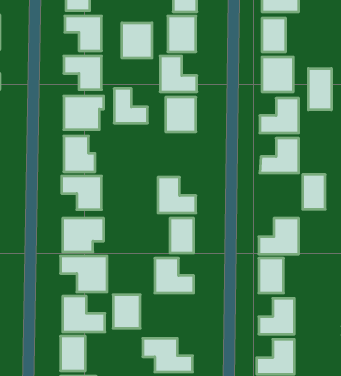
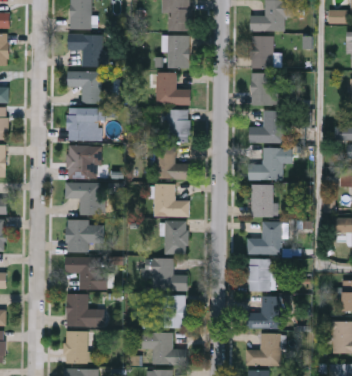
building: [122,23,152,58] -> none
building: [308,68,331,110] -> none
building: [114,89,148,123] -> [158,147,189,179]
building: [303,175,325,209] -> [251,185,272,217]
building: [113,295,140,328] -> [162,296,187,327]

